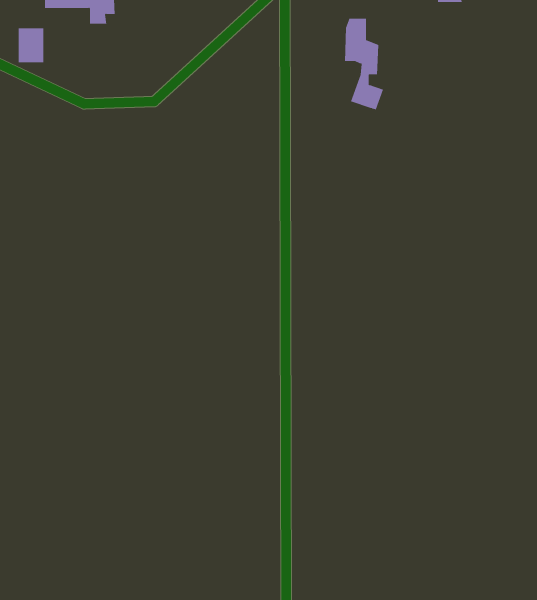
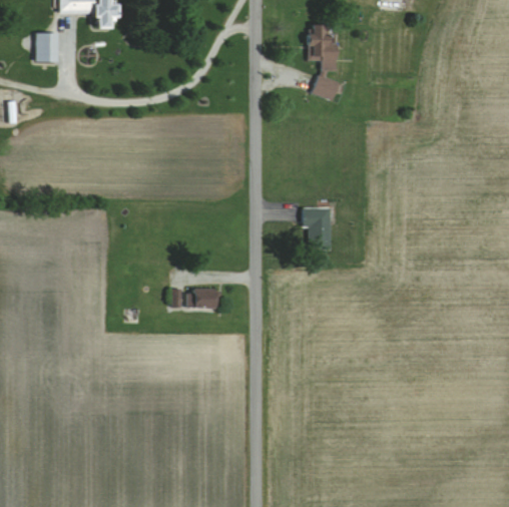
building: none -> [303,206,331,248]
building: none -> [187,289,221,307]

